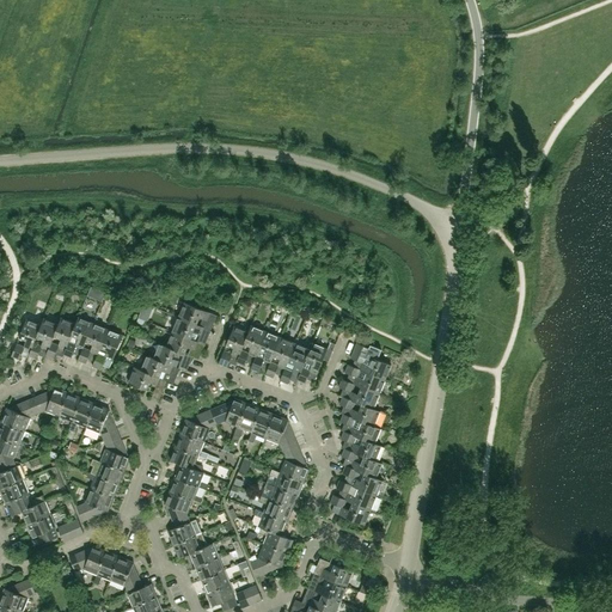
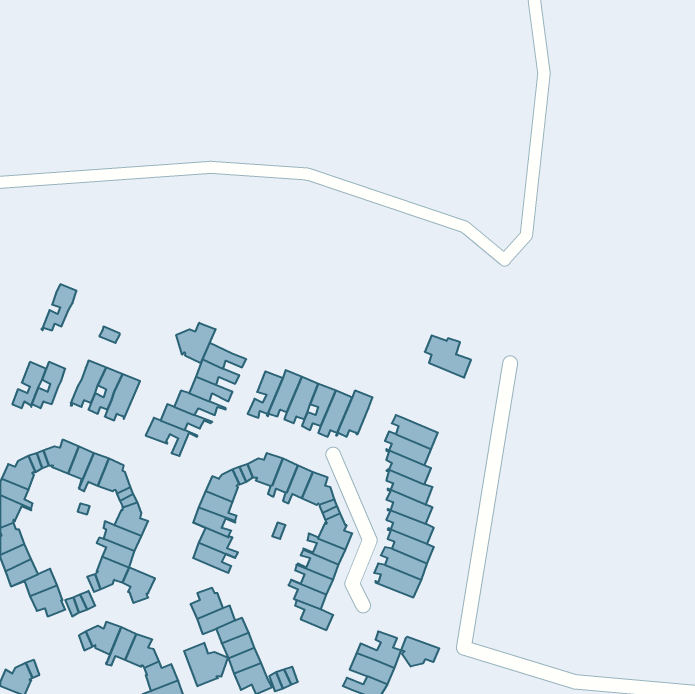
building: none -> [176,323,216,363]
building: [44,318,75,359] -> [41,284,77,330]
building: [350,344,391,381] -> [425,335,471,378]
building: [164,491,192,522] -> [122,567,155,603]
building: [251,545,287,576] -> none
building: none -> [401,637,439,667]
building: none -> [184,643,228,686]

